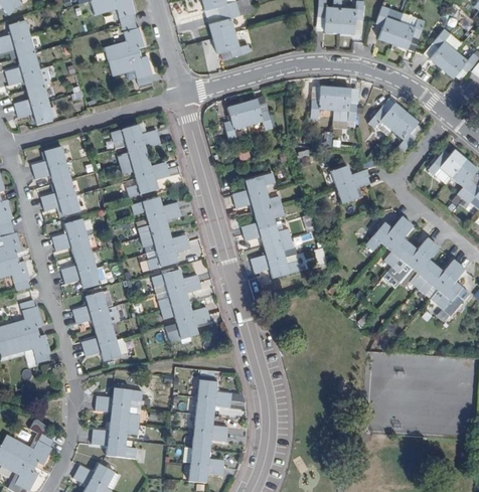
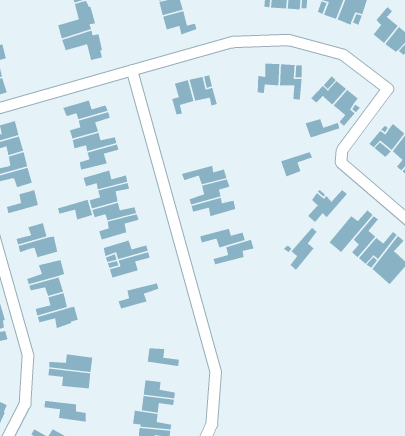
building: [329,167,366,188] -> [304,118,340,139]
building: [230,173,274,201] -> none
building: [382,222,412,268] -> [289,227,318,271]
building: [53,234,91,257] -> [57,199,93,220]
building: [250,238,293,266] -> [213,239,254,265]
building: [161,302,208,322] -> none
building: [195,396,230,417] -> none
building: [92,422,138,440] -> none

